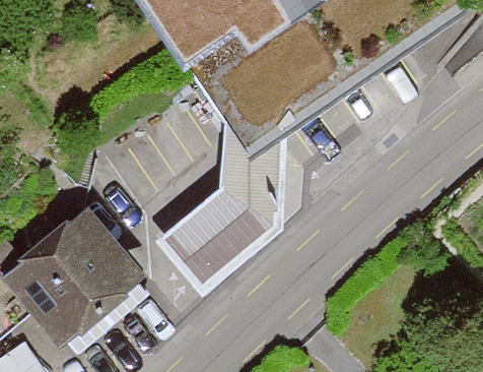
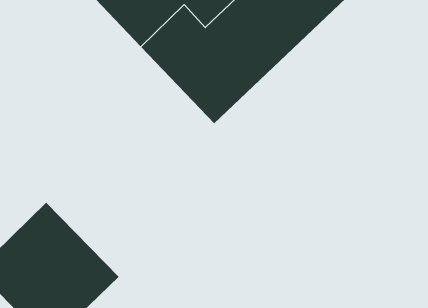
building: [153,156,284,281] -> none

